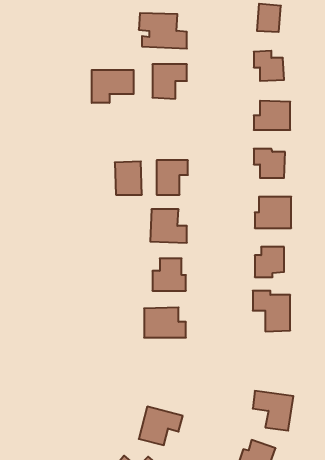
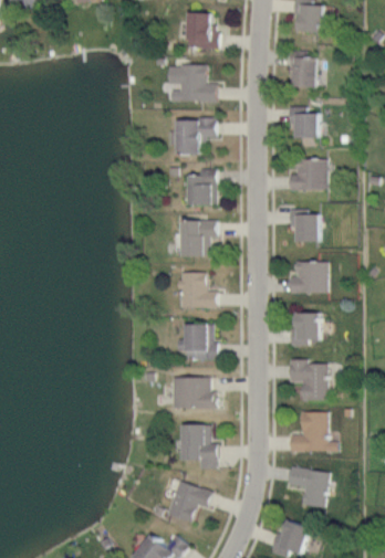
building: [92,70,134,103] -> none
building: [115,161,142,195] -> [187,170,216,206]
building: none -> [288,412,336,451]
building: none -> [184,425,217,470]

